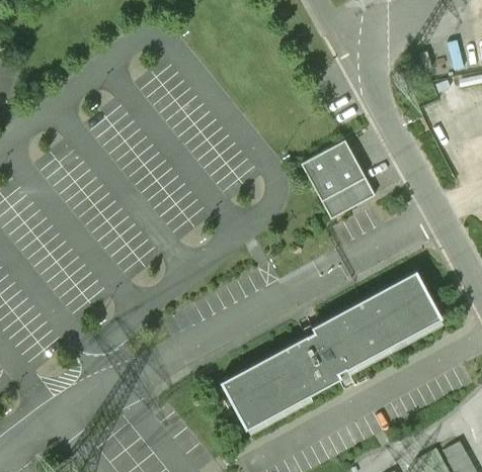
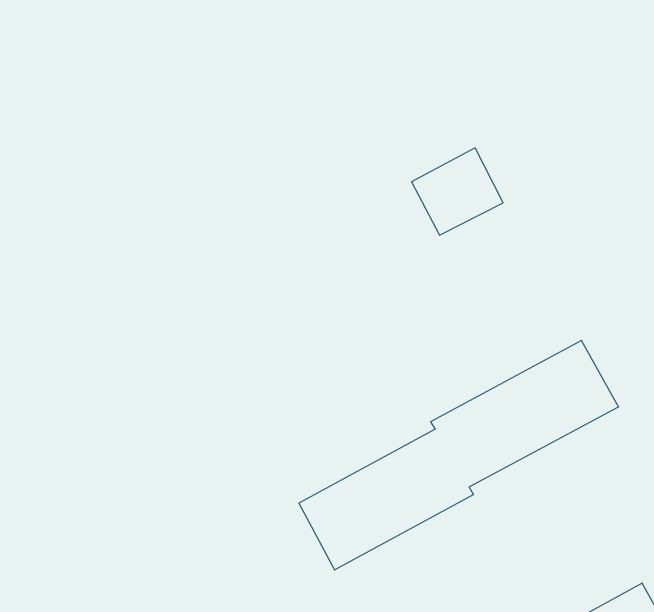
building: [320,178,373,217] -> none

